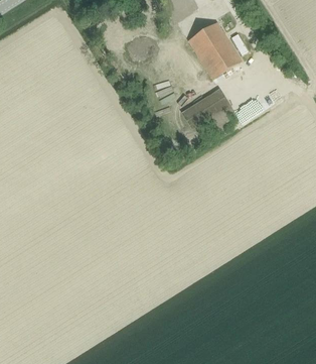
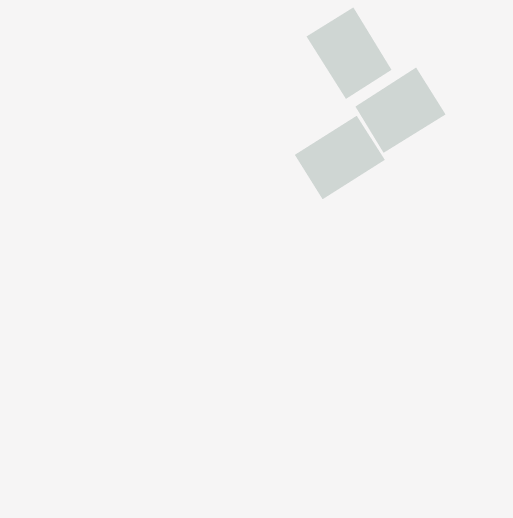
building: none -> [355,66,447,154]

